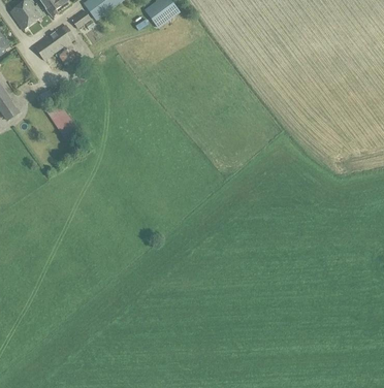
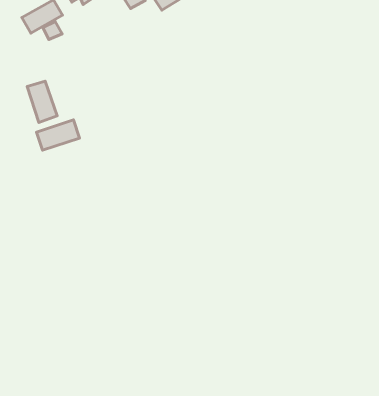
building: none -> [36,120,80,150]

